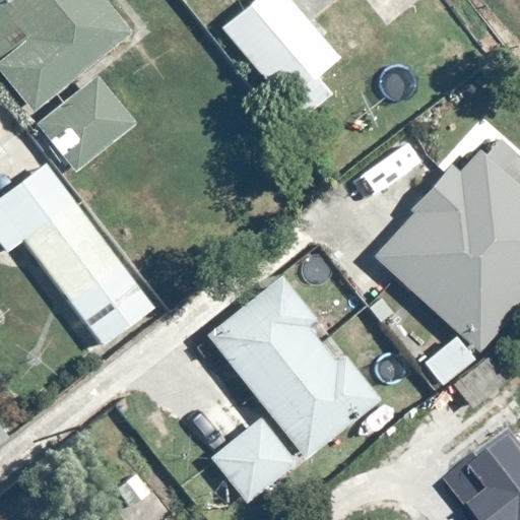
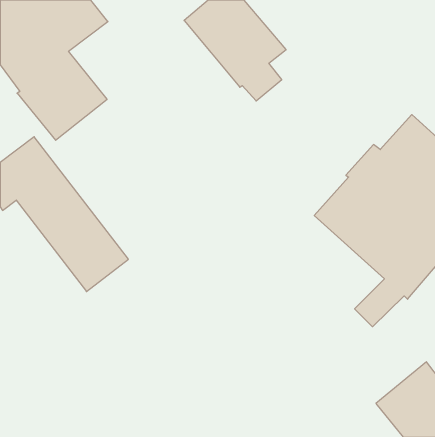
building: [205,279,379,502] -> none

